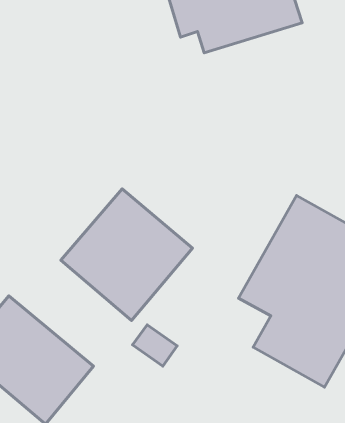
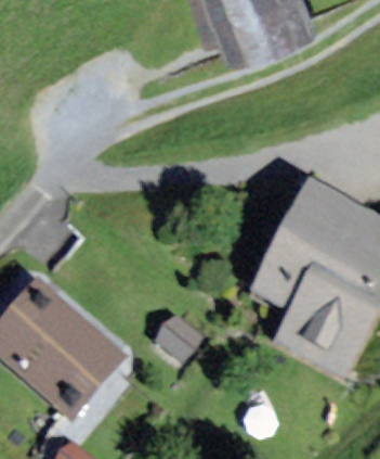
building: [61,189,193,320] -> none

